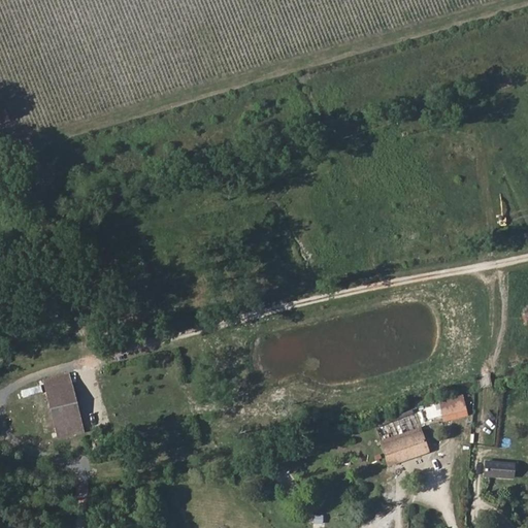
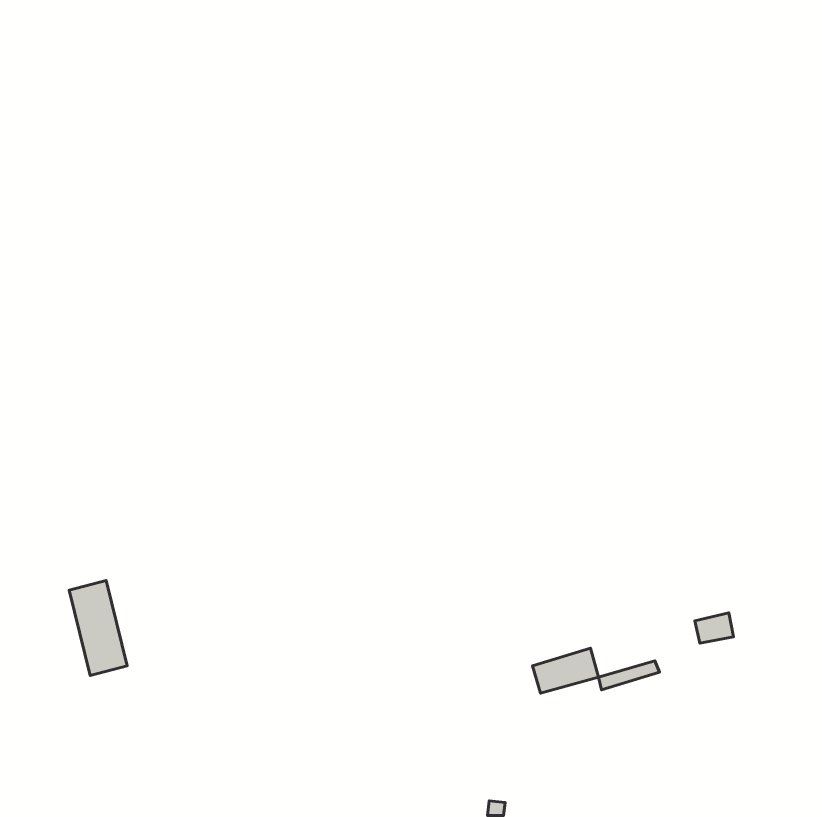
building: [386,434,428,463] -> [532,648,598,693]
building: [488,463,516,480] -> none

